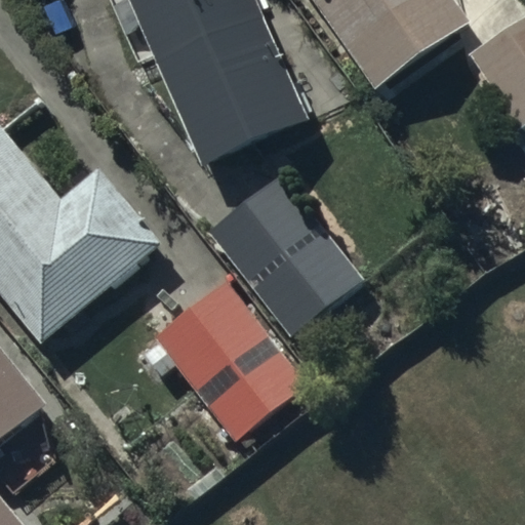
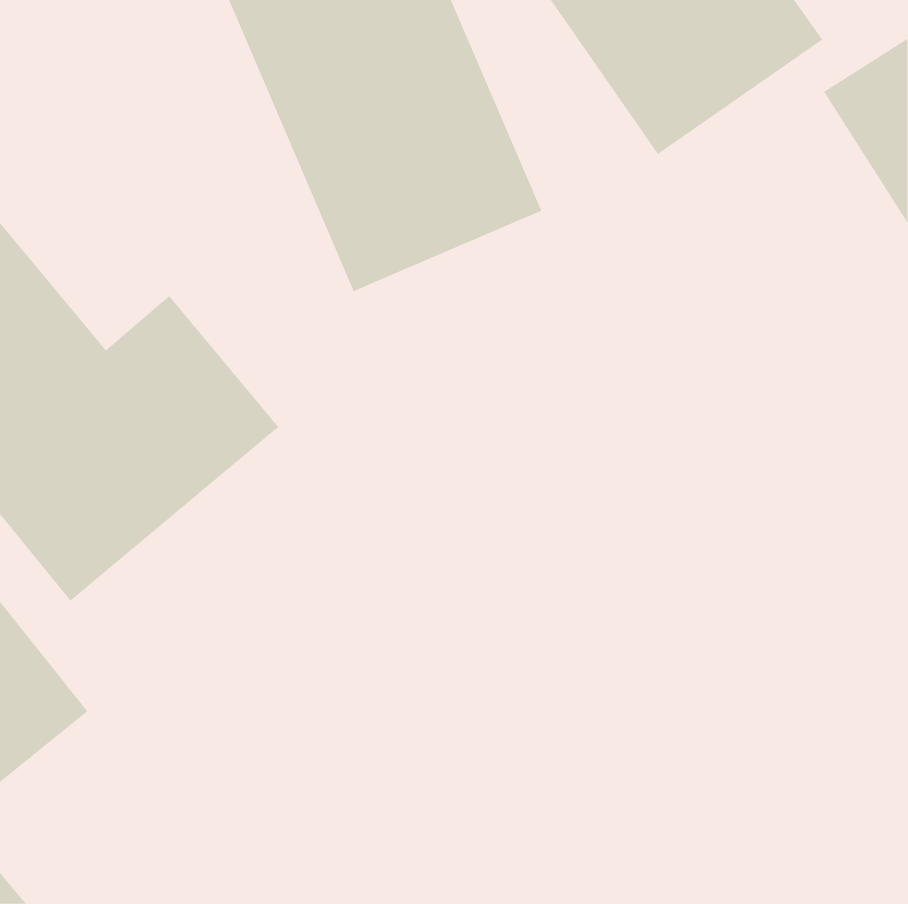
building: [205,171,364,336] -> none
building: [142,279,306,440] -> none

